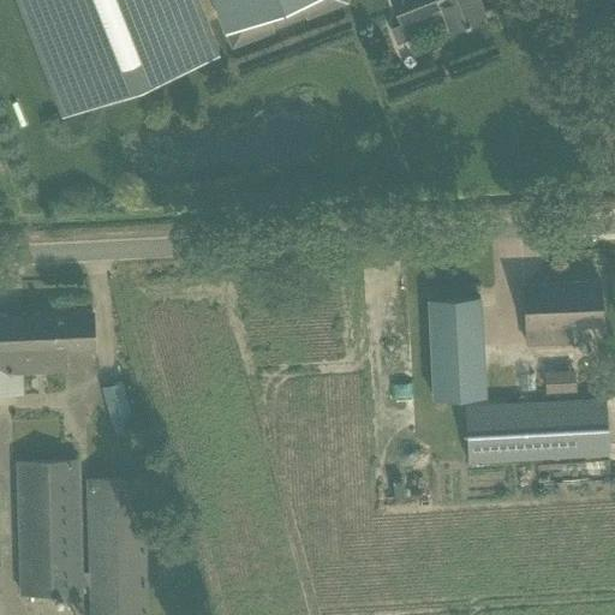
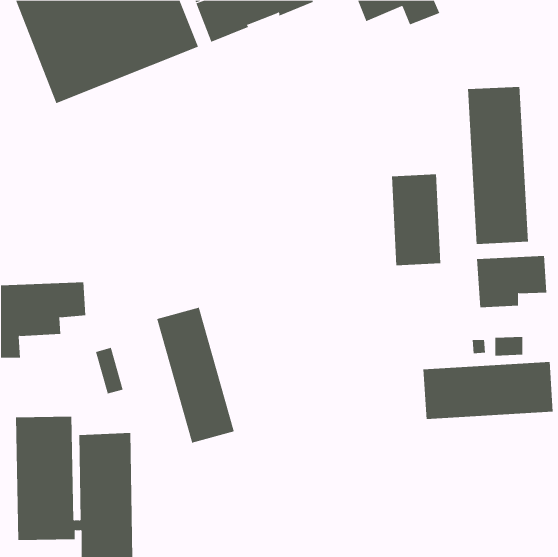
building: none -> [467,86,529,245]
building: [429,299,484,400] -> [391,174,441,266]
building: none -> [157,307,234,443]

